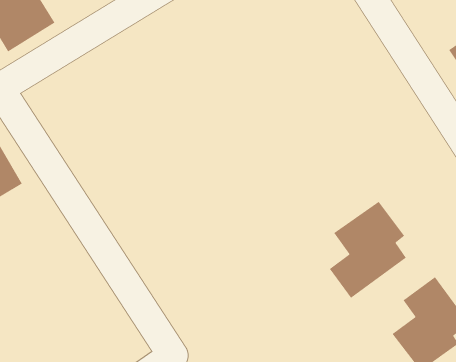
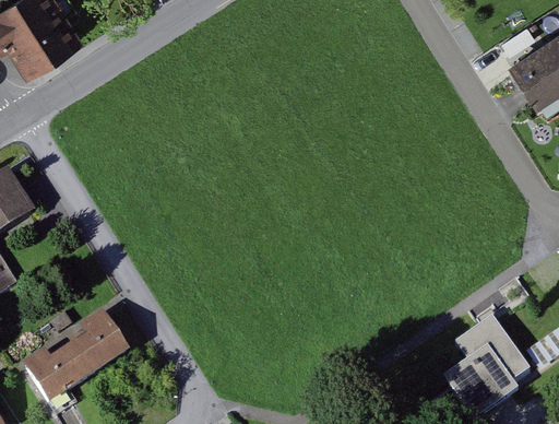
building: [329,201,407,299] -> none
building: none -> [21,310,132,404]

